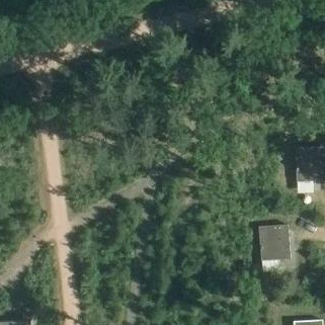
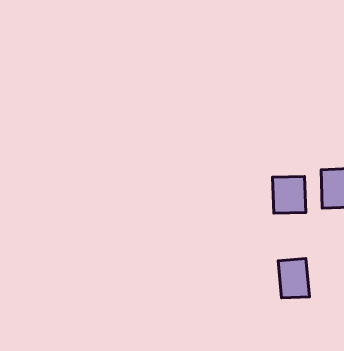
building: none -> [273,176,306,213]

